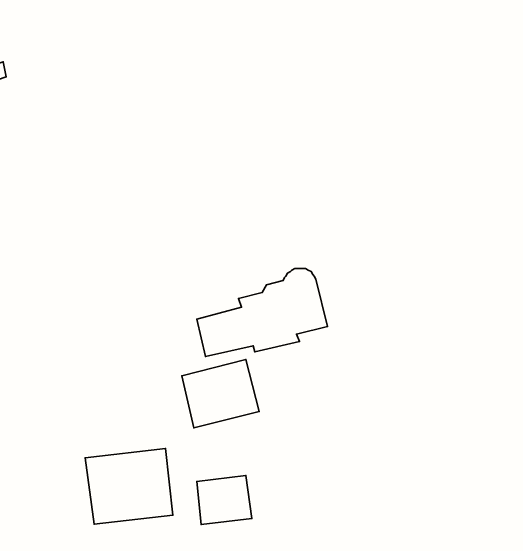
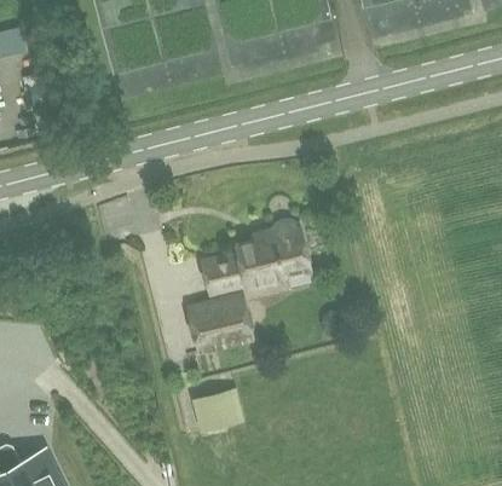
building: [85,448,173,524] -> none

